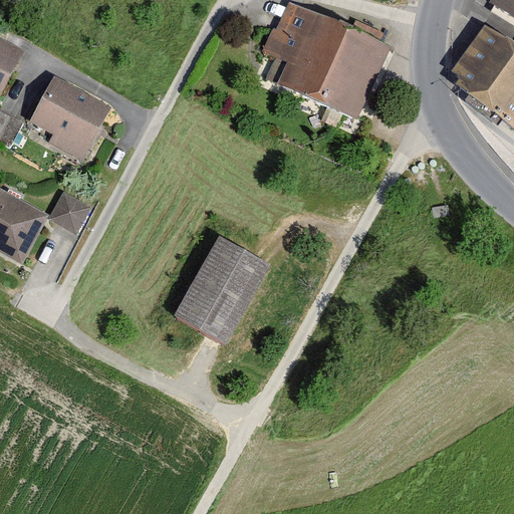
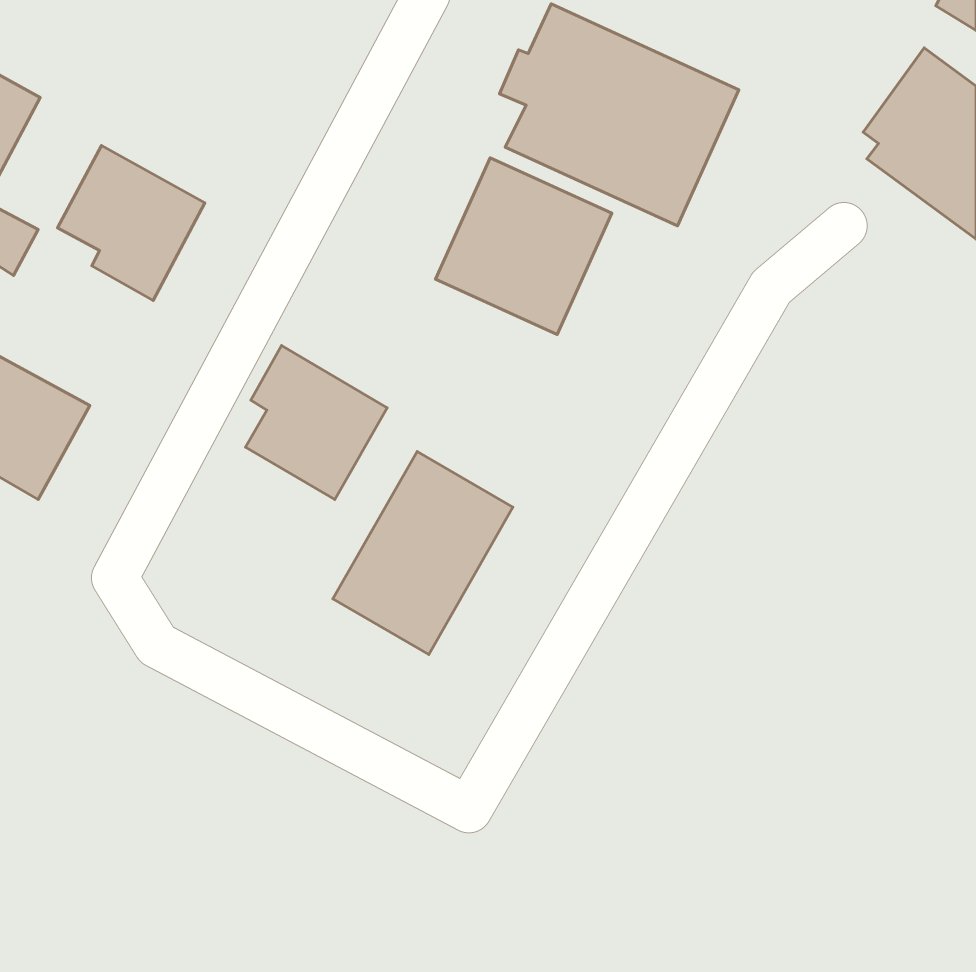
building: none -> [435,158,612,335]
building: none -> [245,345,387,500]
building: [49,193,88,232] -> none

